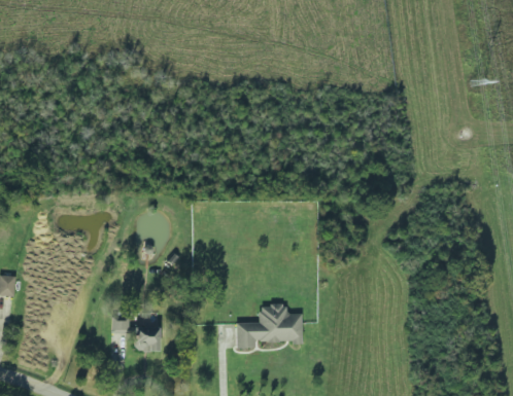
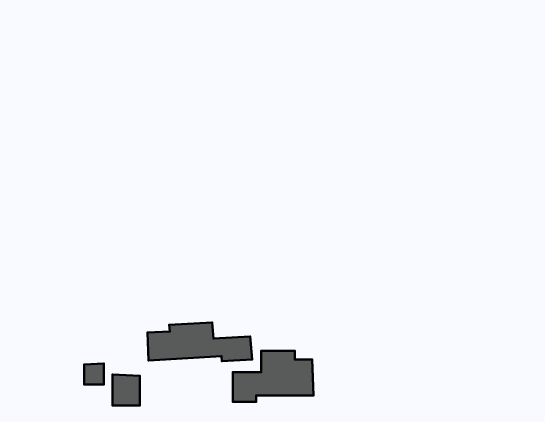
building: none -> [148,322,252,361]

